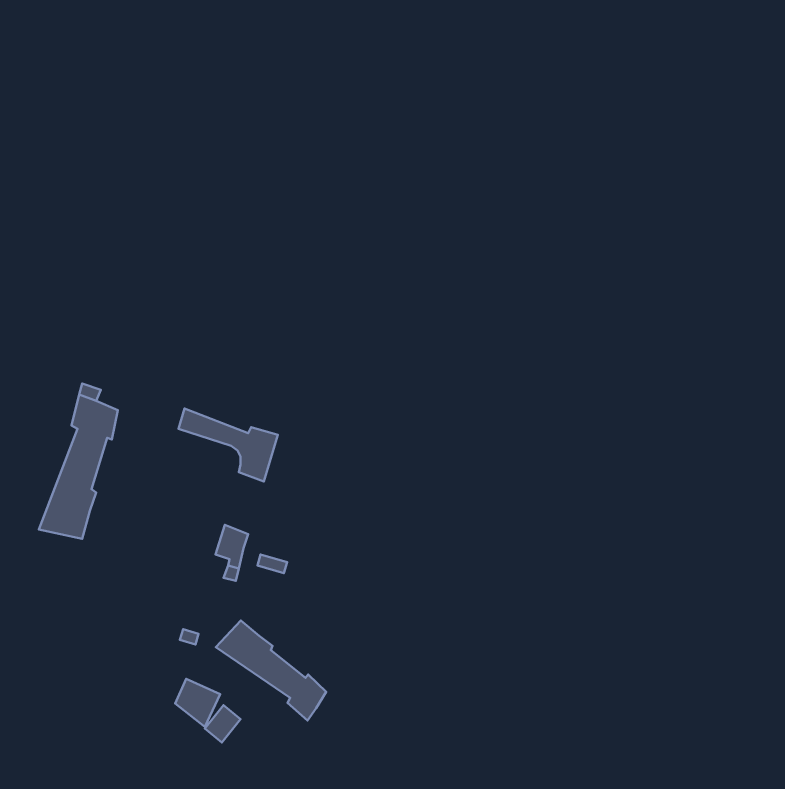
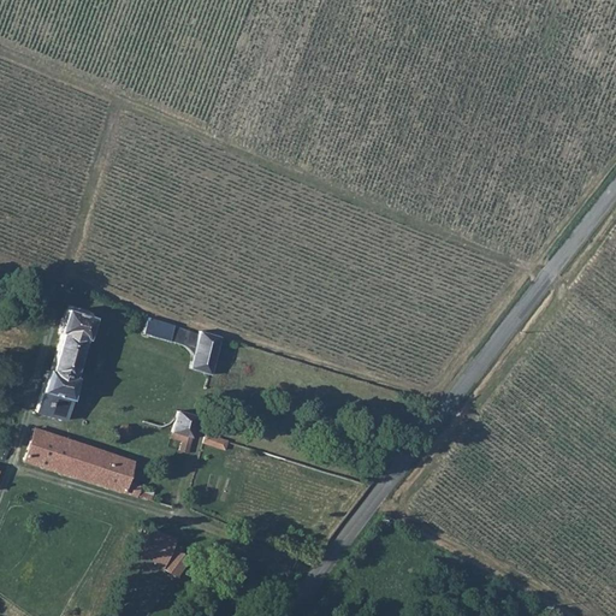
building: none -> [24,427,140,494]
building: [216,620,326,720] -> none

